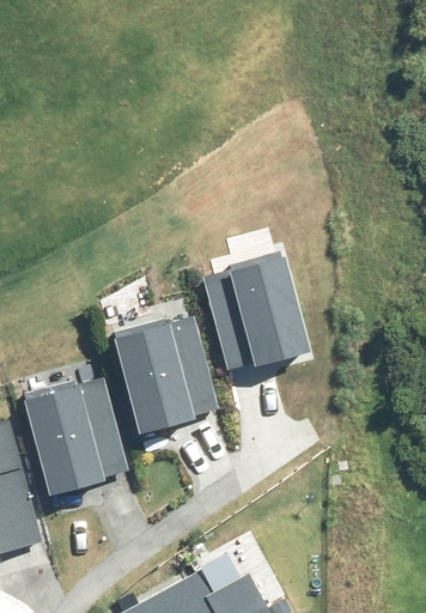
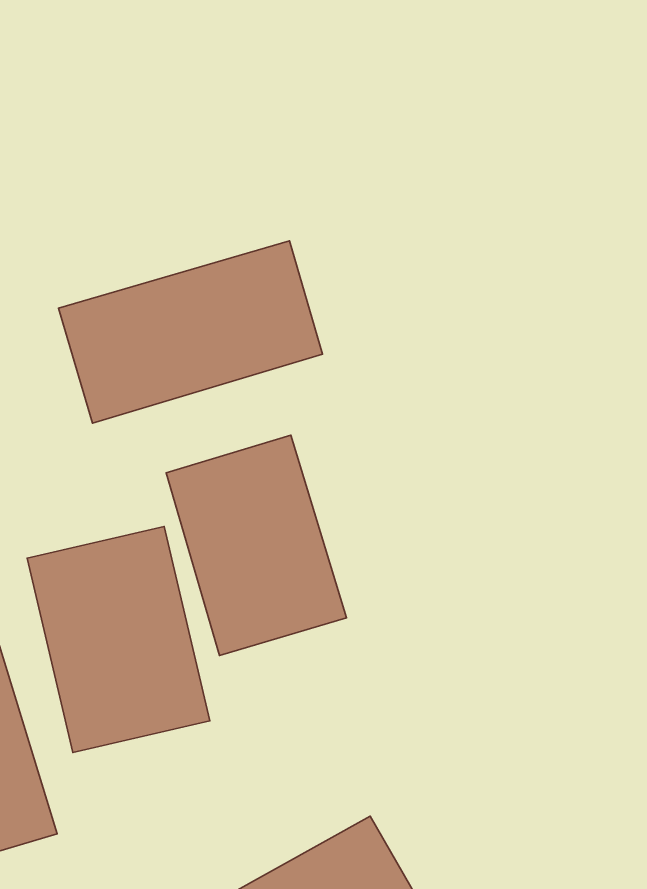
building: none -> [59,241,322,423]
building: [202,250,315,382] -> none

